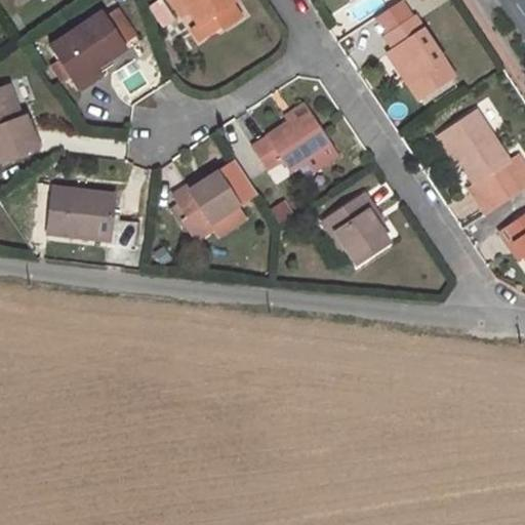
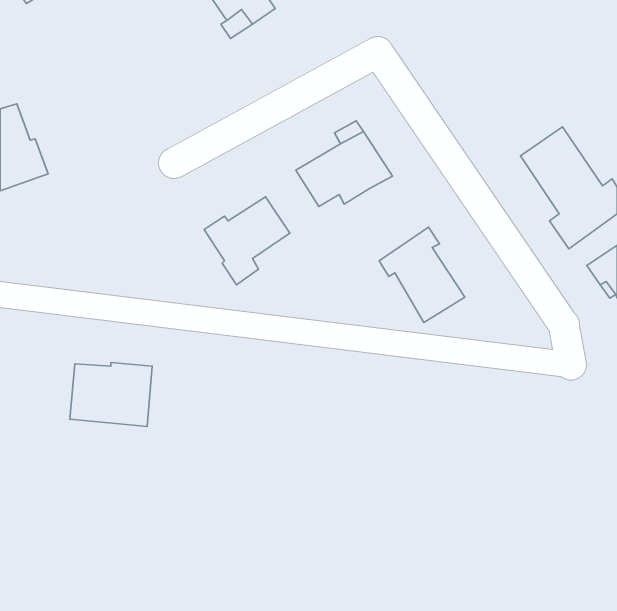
building: [56,14,135,87] -> none
building: [385,14,455,98] -> none
building: [47,187,117,241] -> [70,362,152,426]

